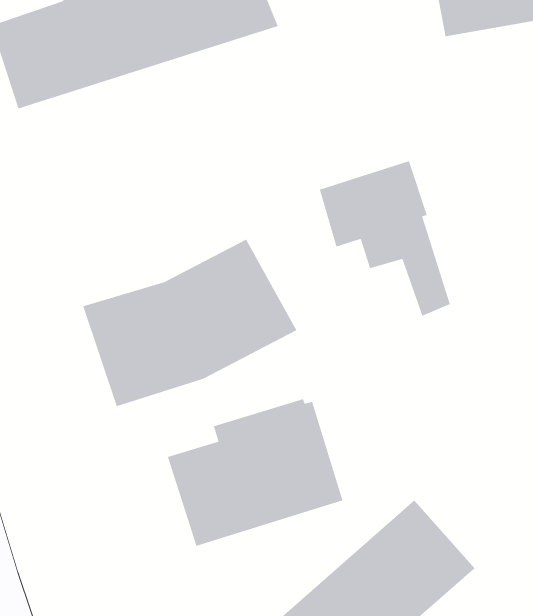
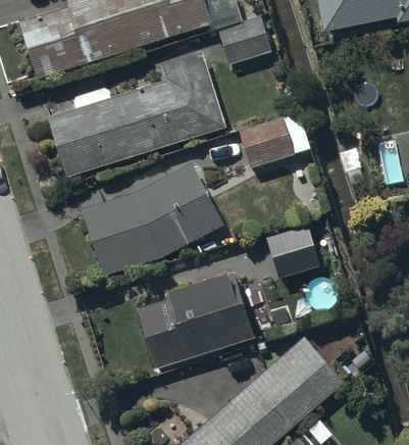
building: none -> [219,15,271,65]
building: none -> [48,51,226,177]
building: none -> [267,226,319,278]

